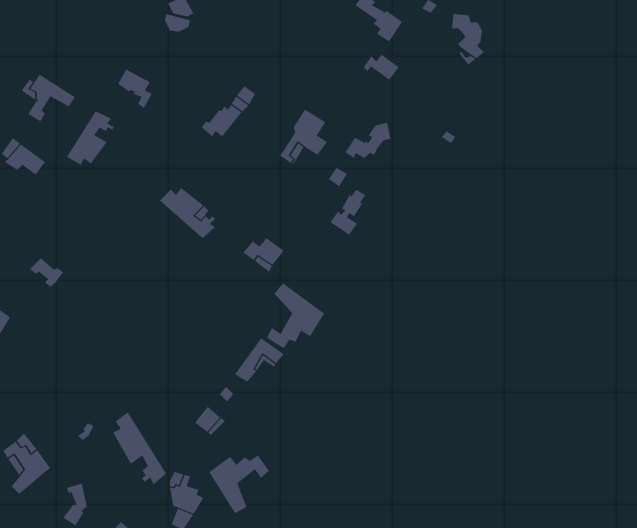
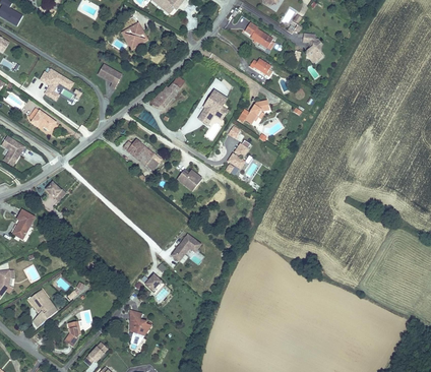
building: [66,111,115,165] -> none
building: [266,283,325,349] -> none
building: [112,411,167,485] -> none
building: [209,454,269,514] -> none

